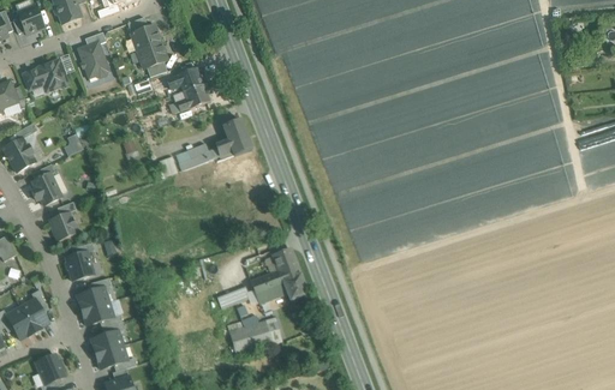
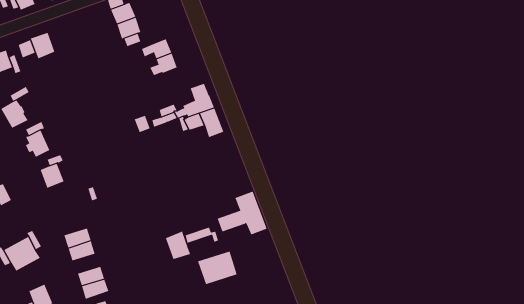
building: [77,41,108,78] -> none
building: [66,252,96,282] -> none
building: none -> [165,231,191,260]

